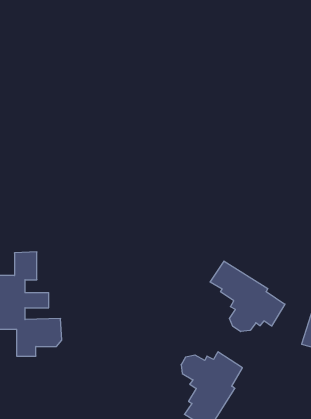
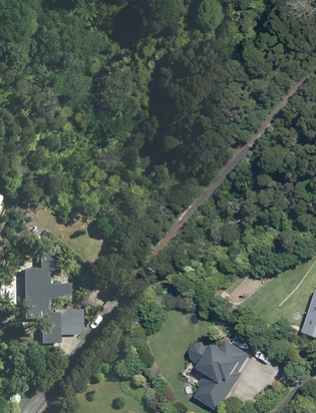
building: [210,261,285,332] -> none

